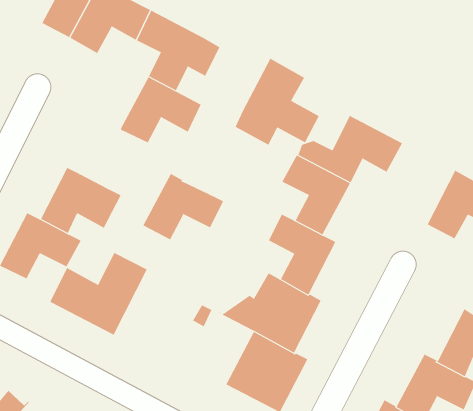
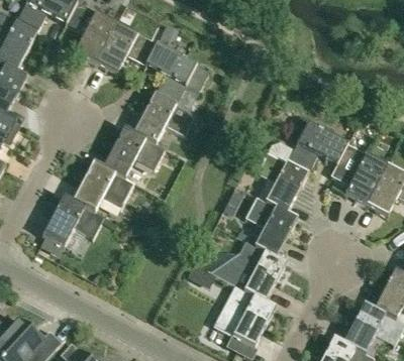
building: [235,58,320,146] -> none
building: none -> [335,143,387,205]
building: [142,173,224,240] -> [103,127,165,177]
building: [50,252,147,336] -> none

